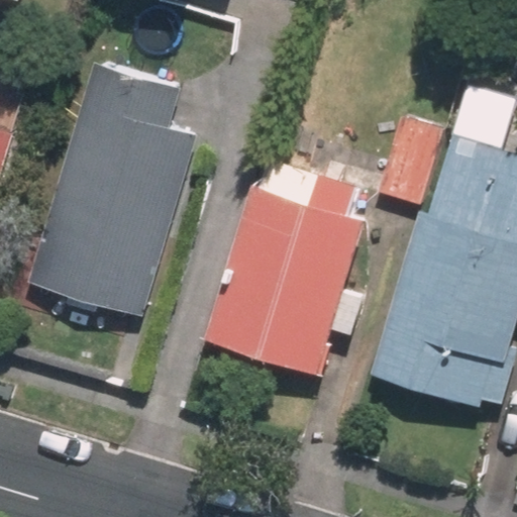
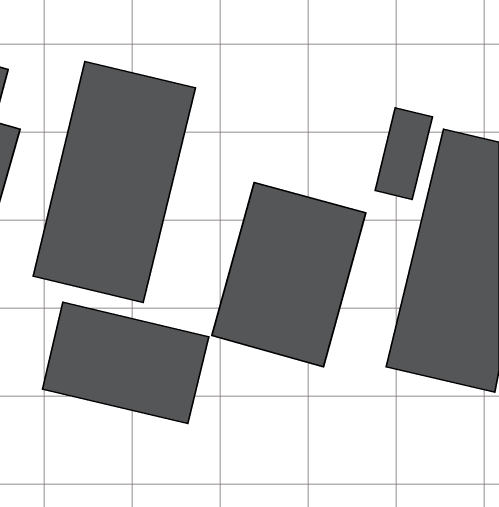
building: none -> [43,302,209,424]

